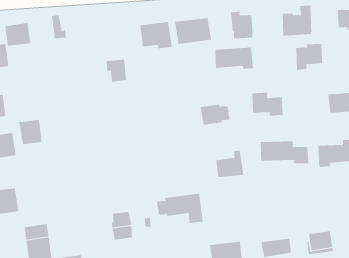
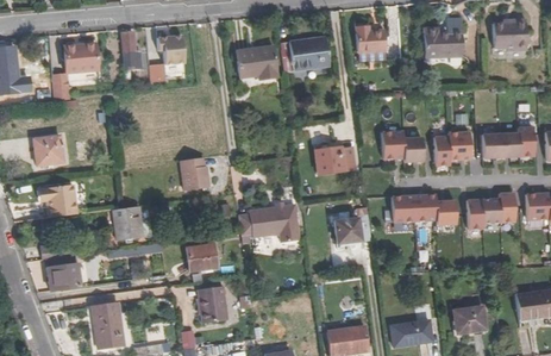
building: [295,43,323,70] -> [433,133,469,168]
building: [215,47,253,69] -> none
building: [106,59,127,82] -> [157,35,184,64]
building: none -> [181,157,211,192]
building: [19,119,42,145] -> [112,207,143,241]
building: none -> [189,245,218,273]
building: [156,193,203,224] -> [237,199,299,238]

